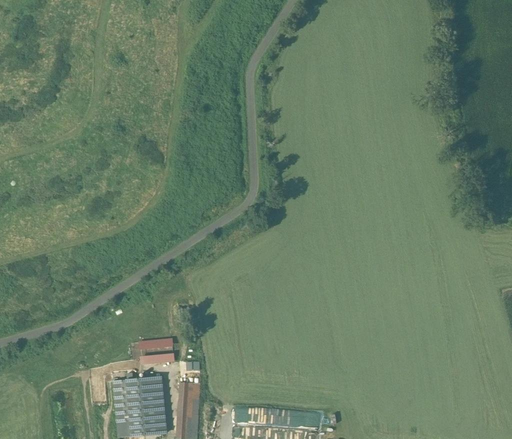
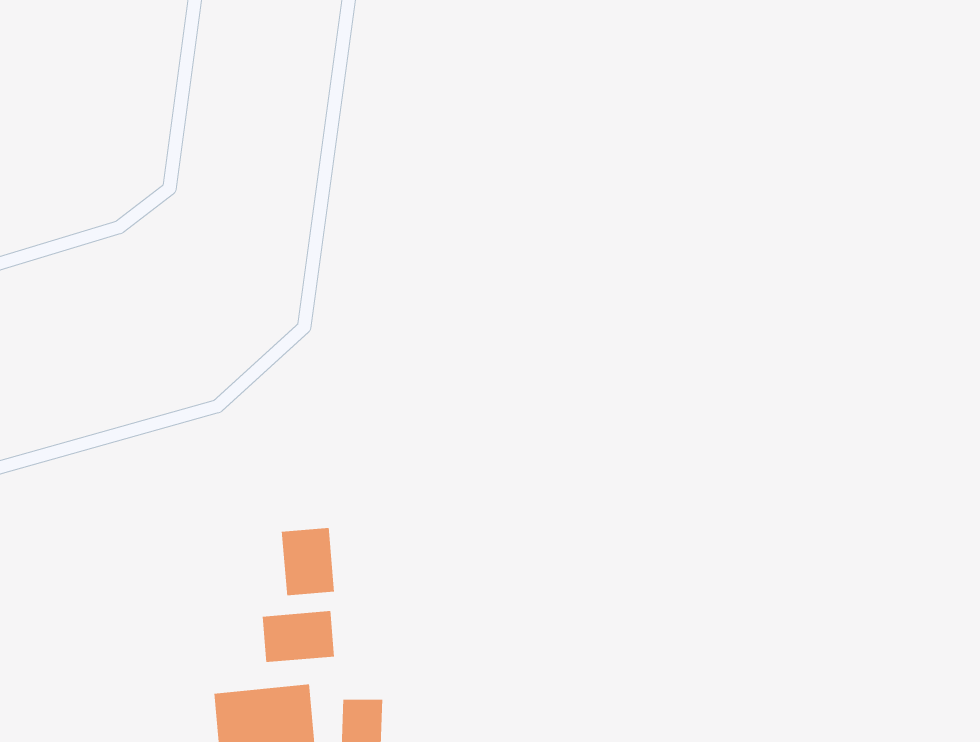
building: none -> [281,527,334,596]

